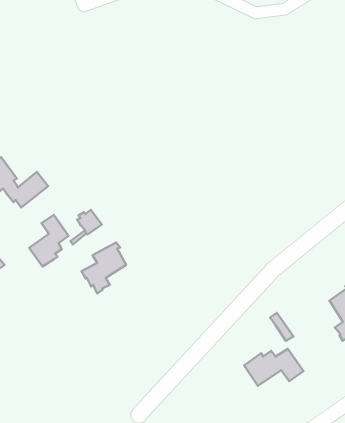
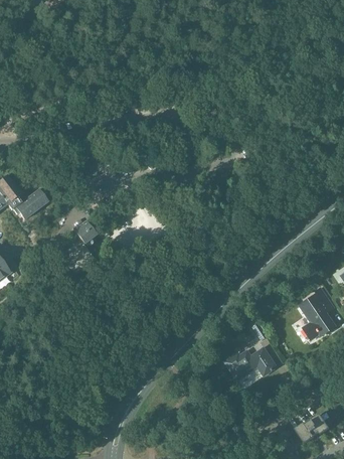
building: [29,215,68,266] -> none
building: [82,242,126,293] -> none

